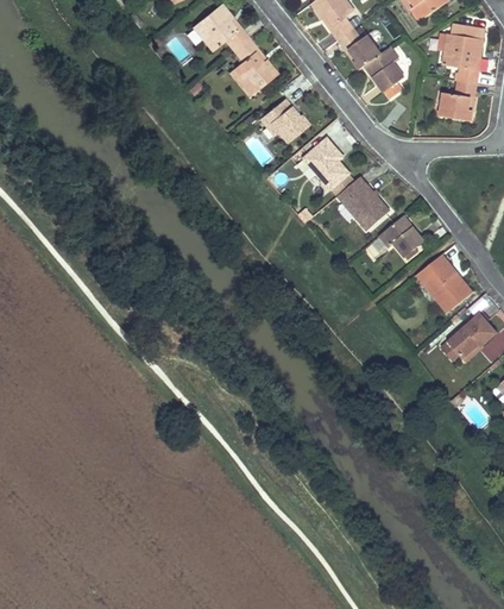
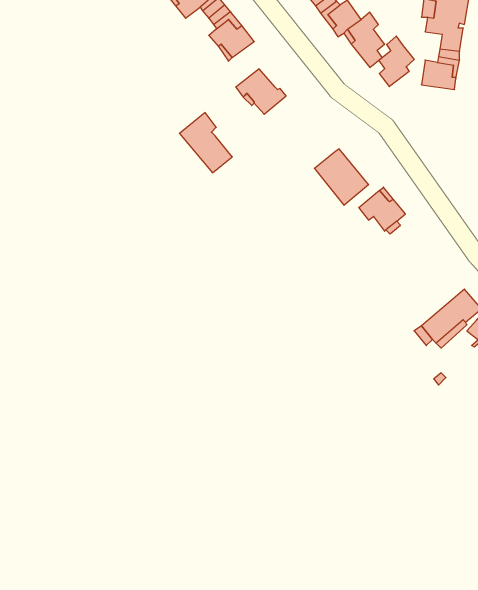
building: none -> [379,36,414,87]
building: [303,138,354,196] -> [179,113,232,173]
building: [416,255,472,312] -> none

